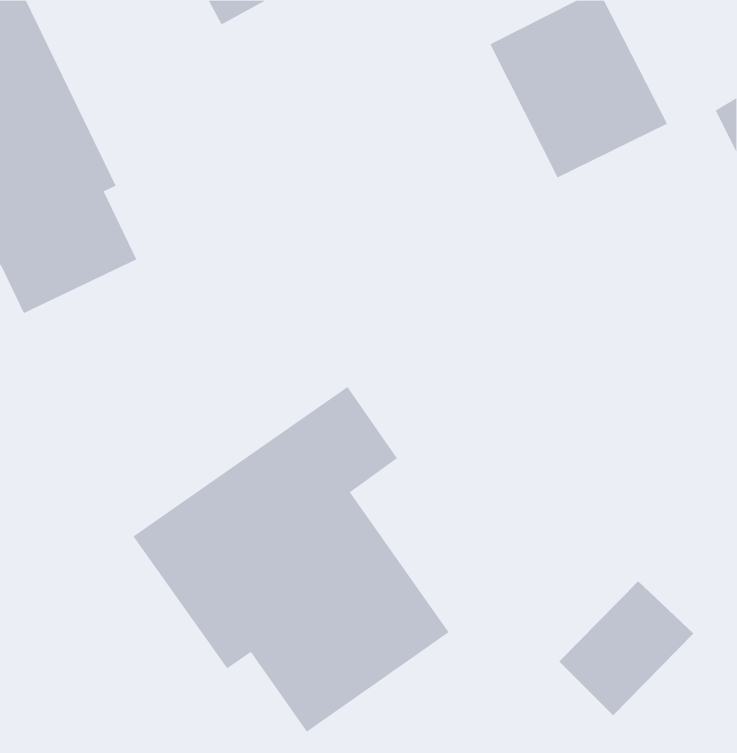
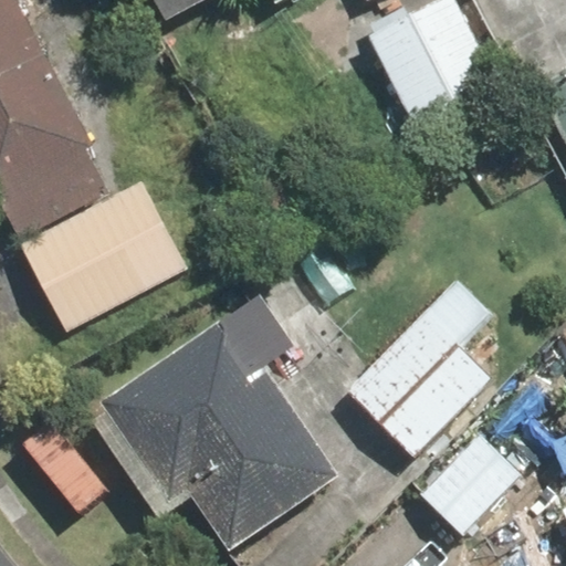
building: none -> [17,179,187,329]
building: none -> [343,279,496,459]

